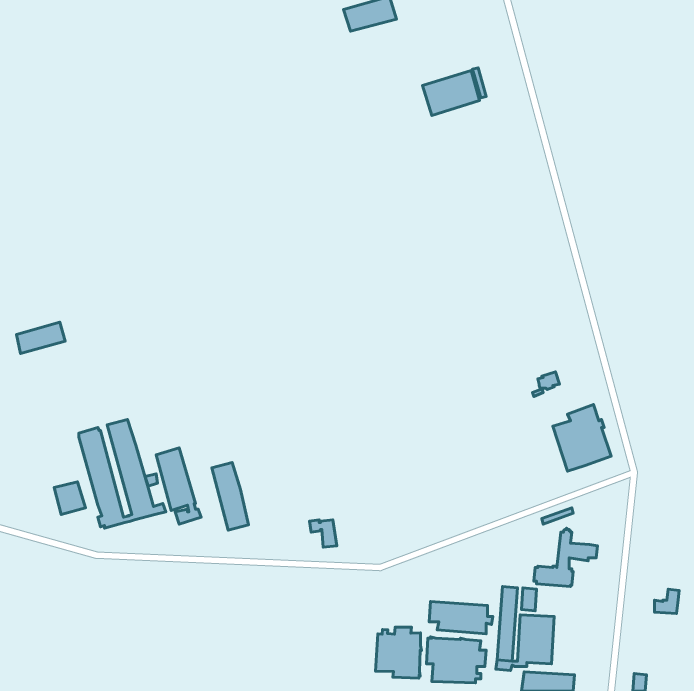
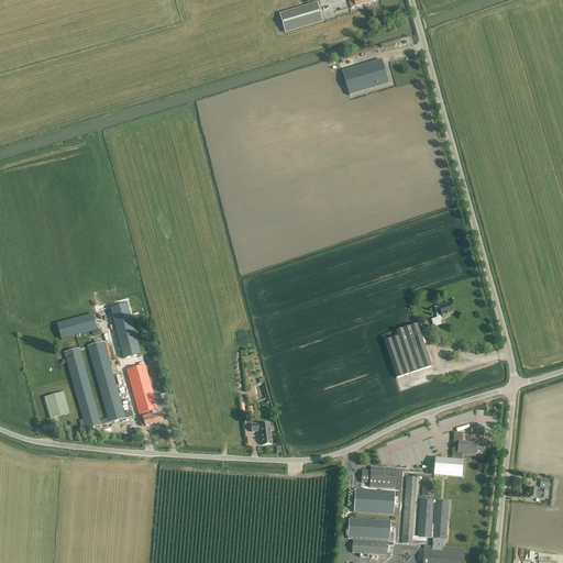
building: [16,322,65,353] -> [57,312,97,338]
building: [553,405,611,471] -> [384,322,431,376]
building: [212,462,249,530] -> [110,302,140,357]
building: none -> [369,465,397,487]
building: [376,627,421,678] -> none

